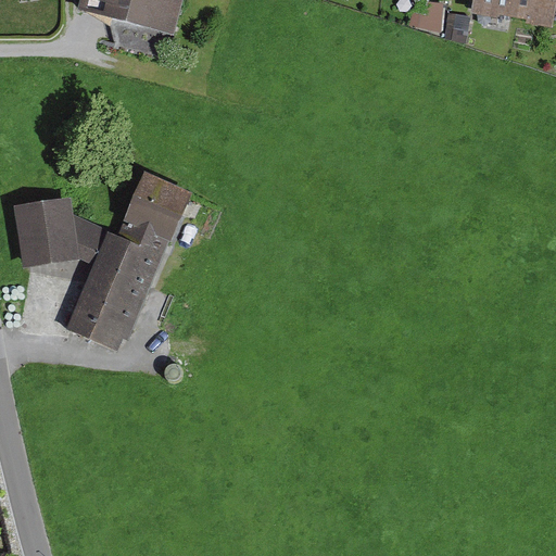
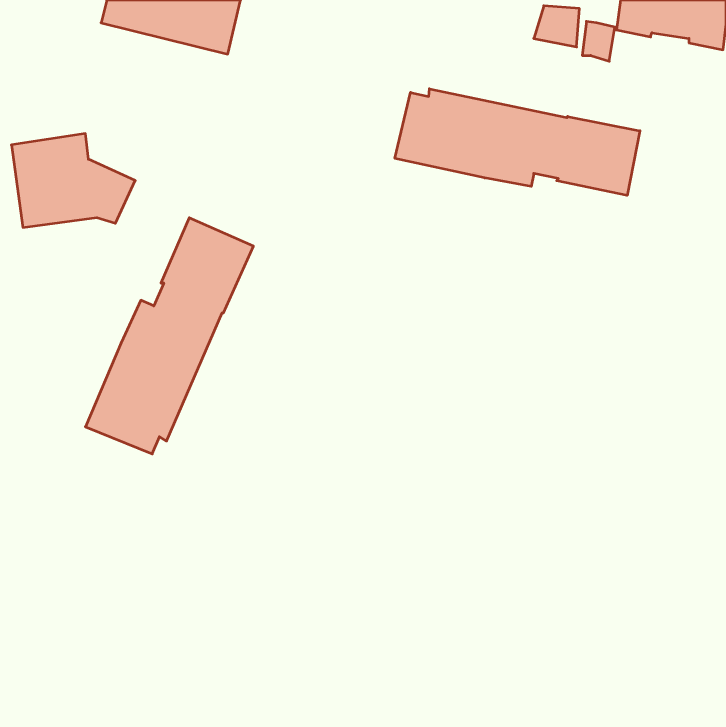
building: none -> [395,89,640,195]
building: [13,193,108,265] -> [11,134,135,227]

